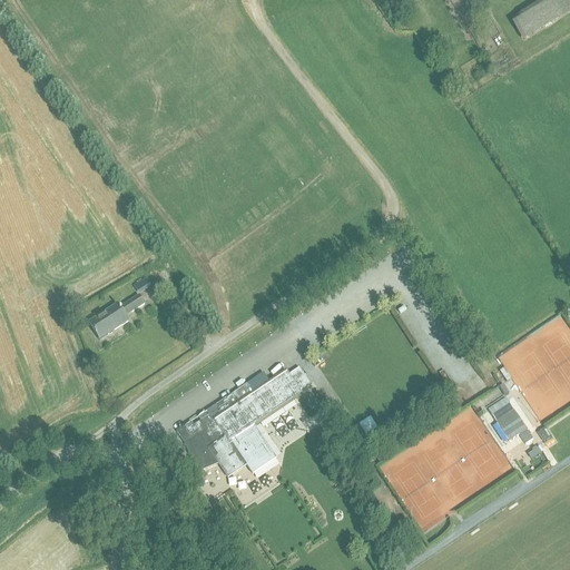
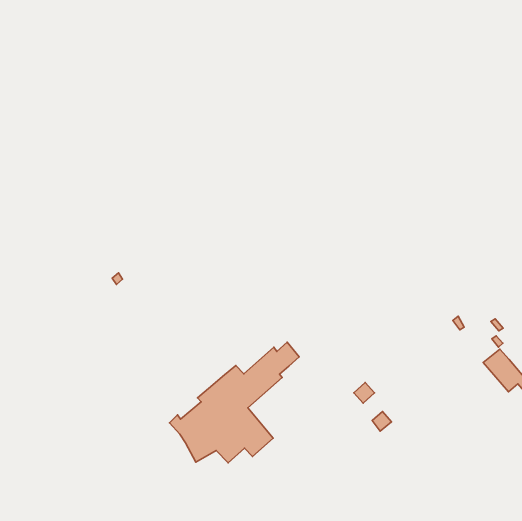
building: [90,293,146,337] -> none

